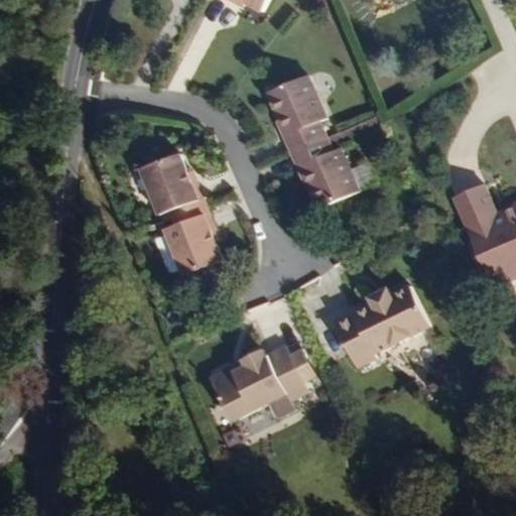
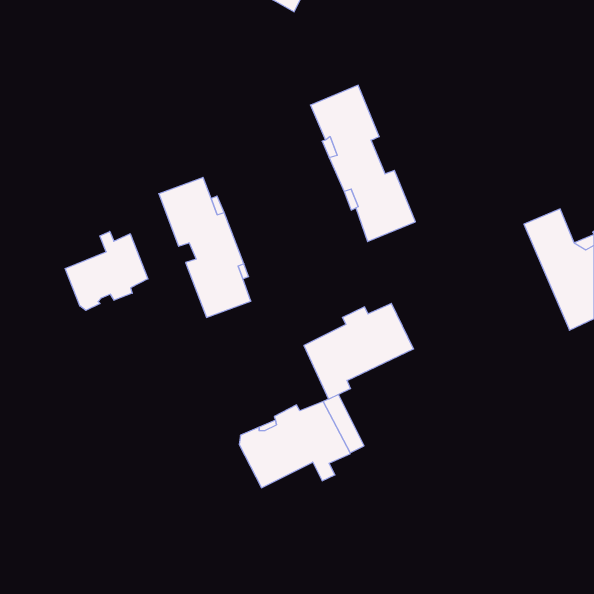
building: none -> [65,231,148,310]
building: [332,285,426,368] -> [304,303,414,399]

